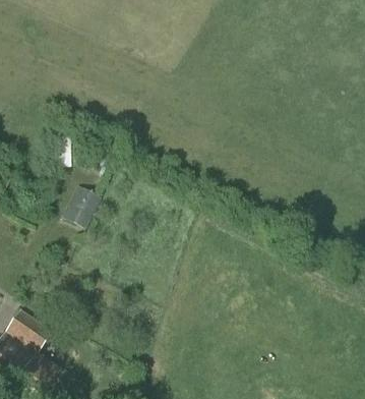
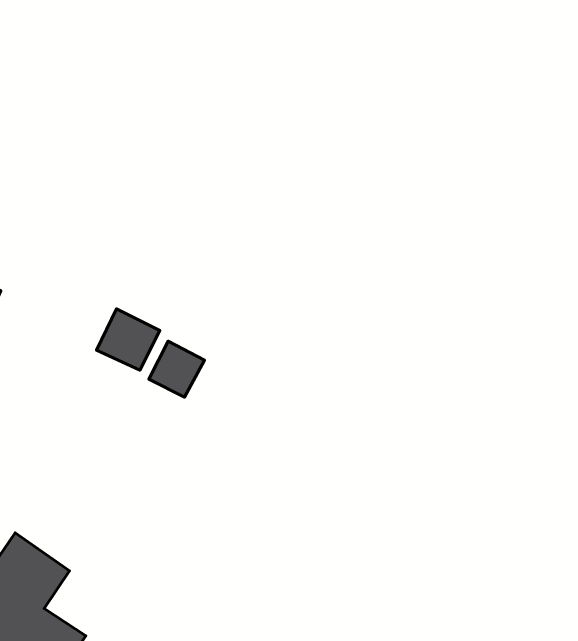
building: none -> [149,341,205,397]

